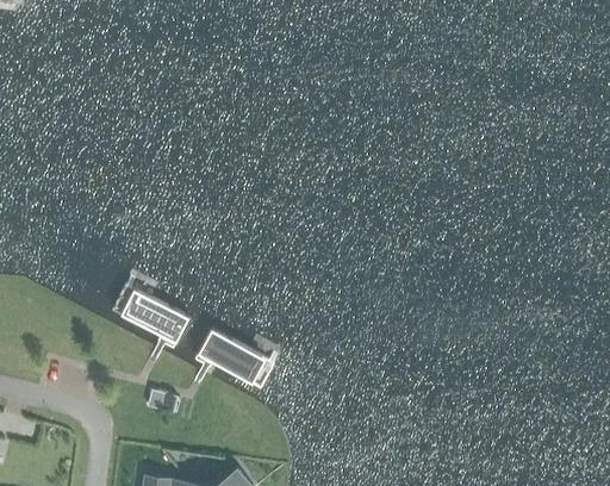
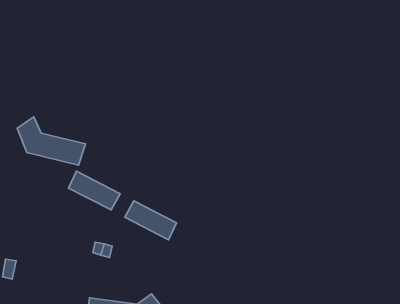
building: none -> [17,117,86,165]

